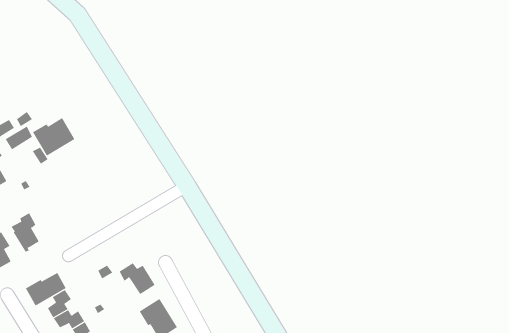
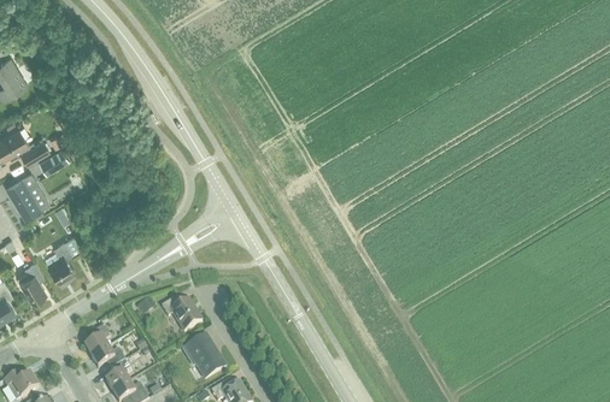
building: [32,117,75,156] -> none
building: [25,272,66,306] -> none

